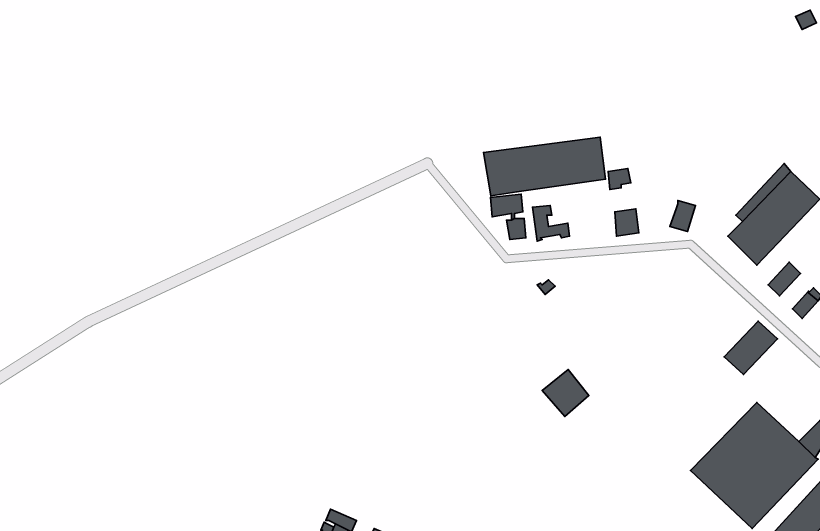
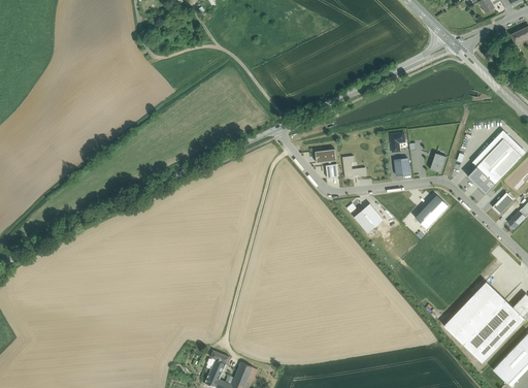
building: [484,137,606,196] -> none
building: [724,321,777,374] -> [415,194,449,228]
building: [542,370,589,416] -> [354,203,384,233]

